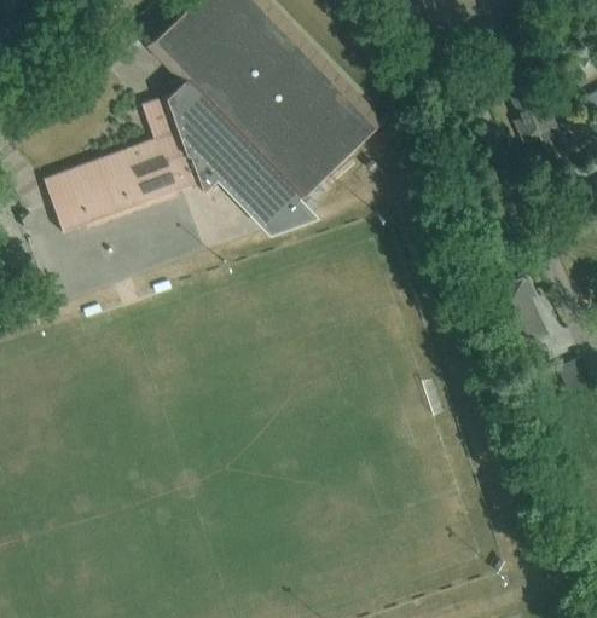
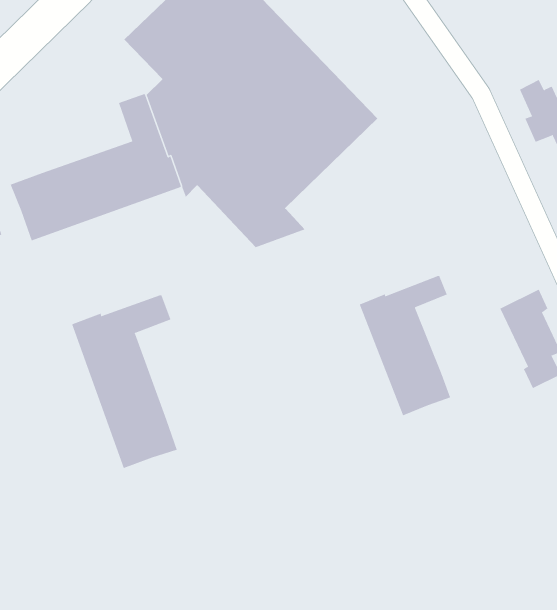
building: none -> [359,275,451,416]
building: none -> [71,295,178,469]

